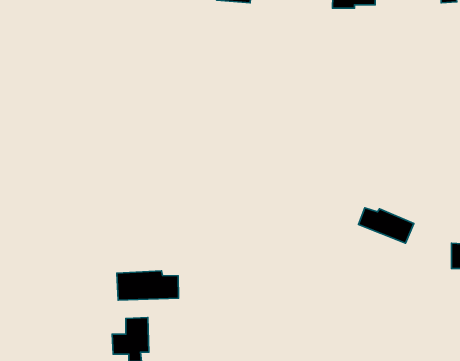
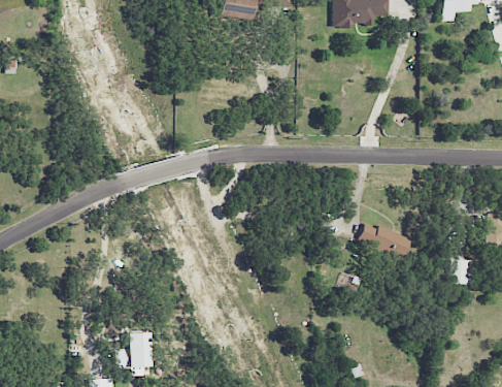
building: [117,271,178,300] -> none

